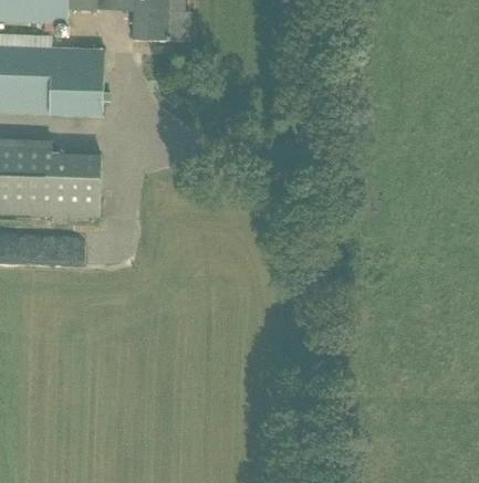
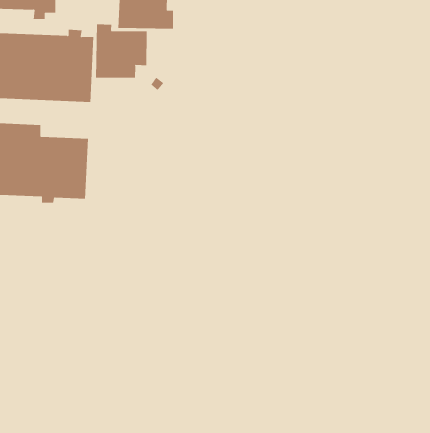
building: none -> [96,24,147,78]

